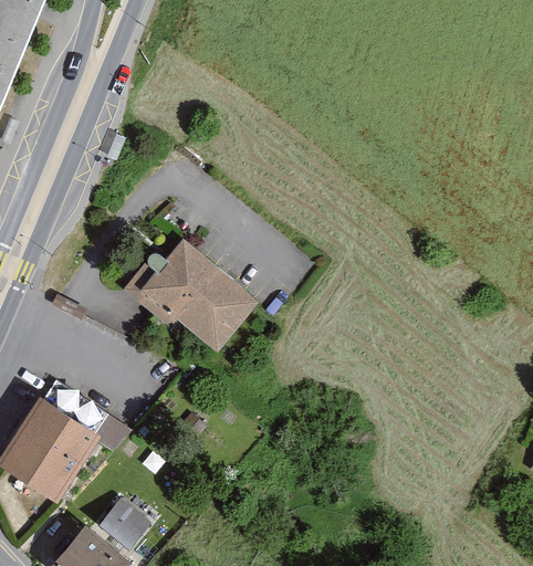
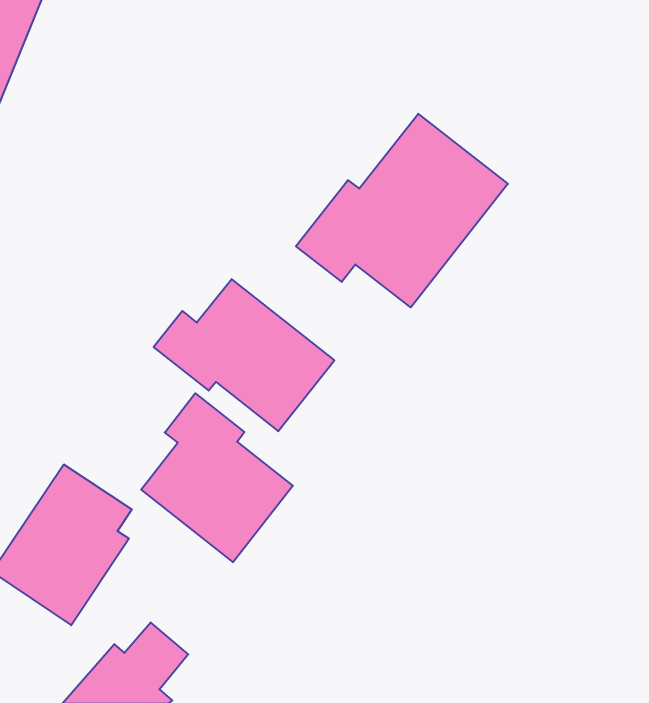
building: none -> [296,114,508,307]
building: none -> [141,393,293,562]

